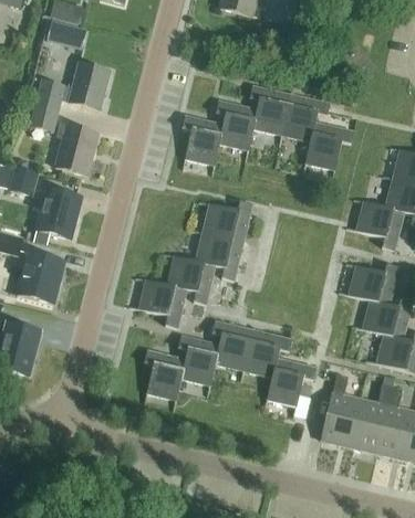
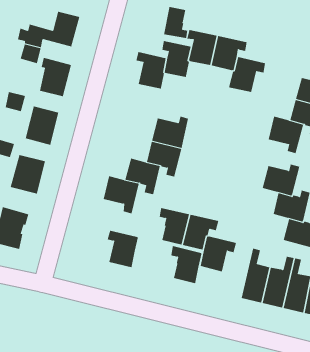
building: none -> [164,6,188,39]
building: [178,335,220,385] -> [171,245,202,284]

